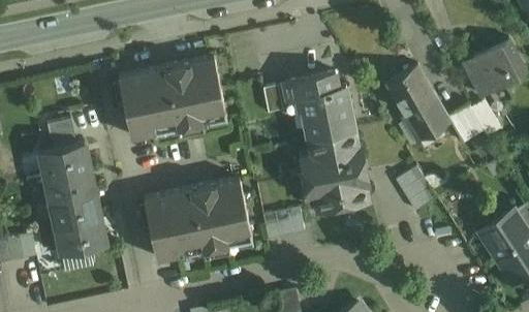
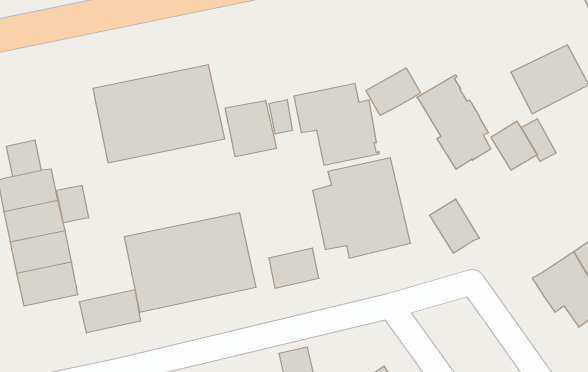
building: none -> [366,68,421,115]
building: none -> [225,100,276,157]
building: none -> [57,185,89,223]
building: none -> [80,289,140,333]

